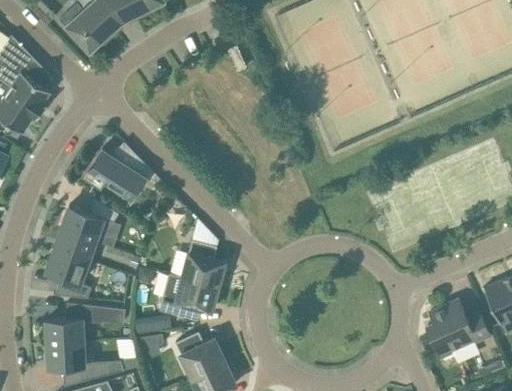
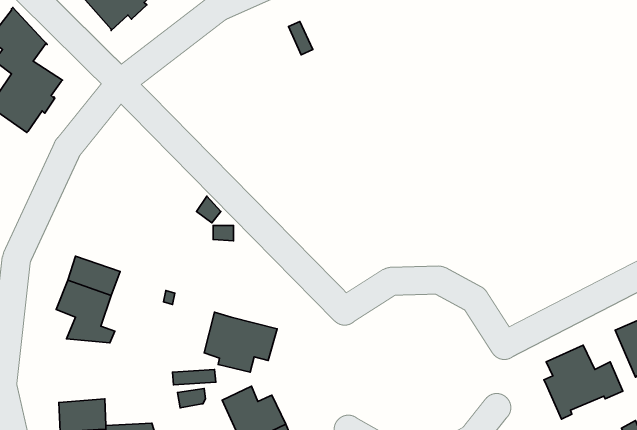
building: [84,143,156,195] -> none
building: [60,199,118,243] -> none
building: [182,241,224,287] -> none
building: [45,303,103,345] -> none

